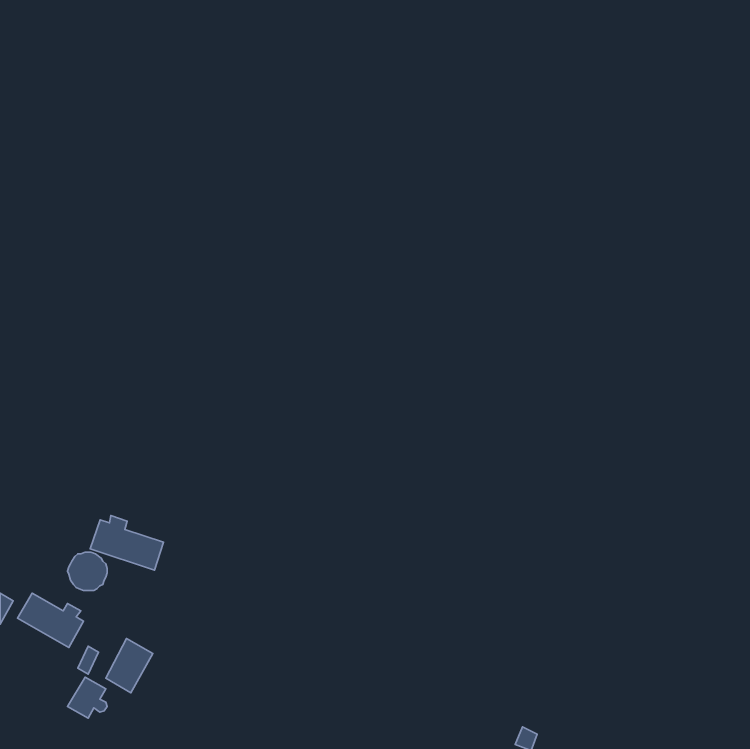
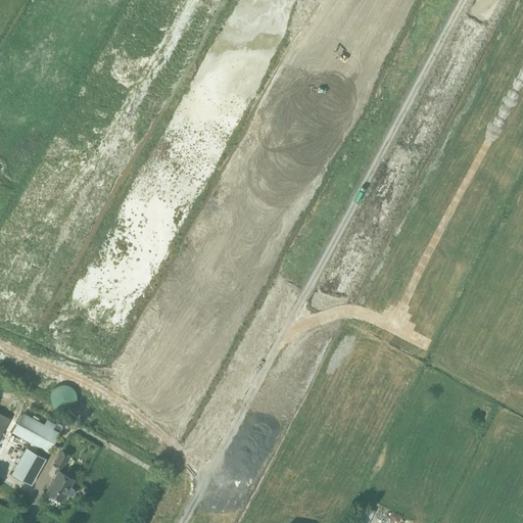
building: [90,515,163,570] -> none
building: [106,639,153,693] -> [11,447,44,485]

